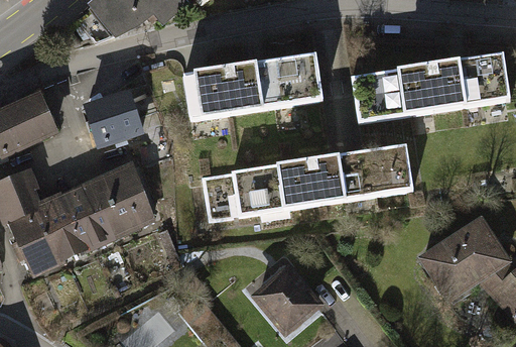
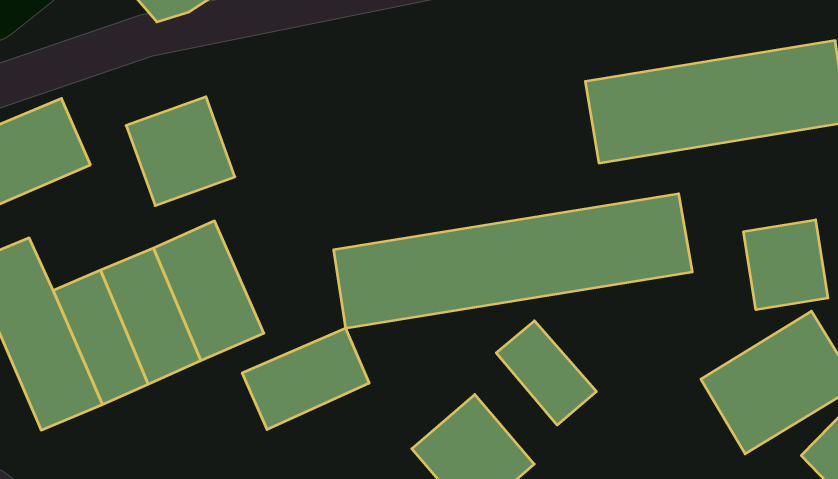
building: [179,51,319,123] -> none
building: none -> [744,220,828,310]
building: none -> [496,321,596,425]
building: none -> [242,328,369,430]

